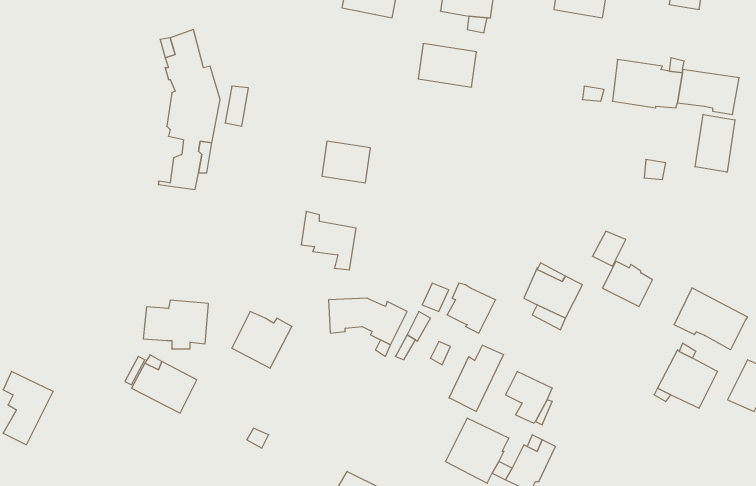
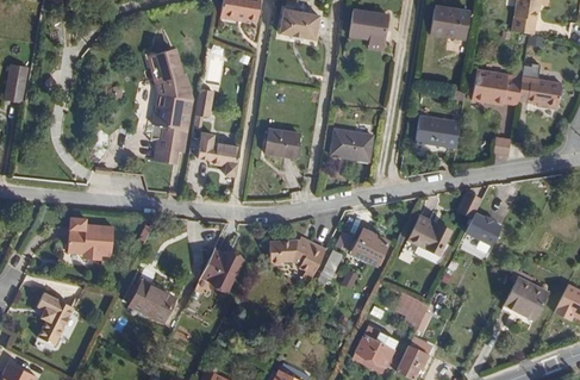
building: [418,44,477,87] -> [330,129,372,160]
building: [695,114,735,172] -> none
building: none -> [416,116,460,147]
building: [301,211,356,270] -> [200,133,239,175]
building: [674,288,748,350] -> none
building: [143,300,208,349] -> [67,224,113,258]
building: [449,345,503,411] -> none

